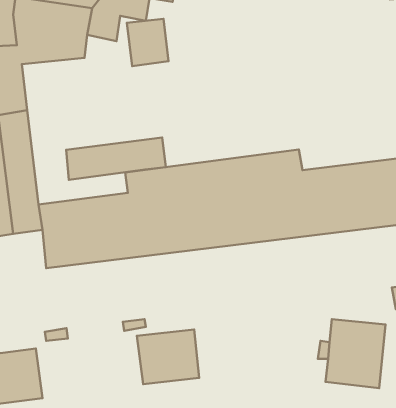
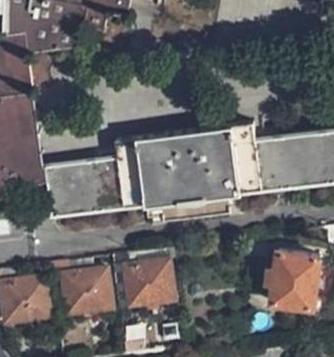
building: [127,19,169,66] -> none
building: [66,137,166,180] -> none
building: none -> [57,270,108,315]

